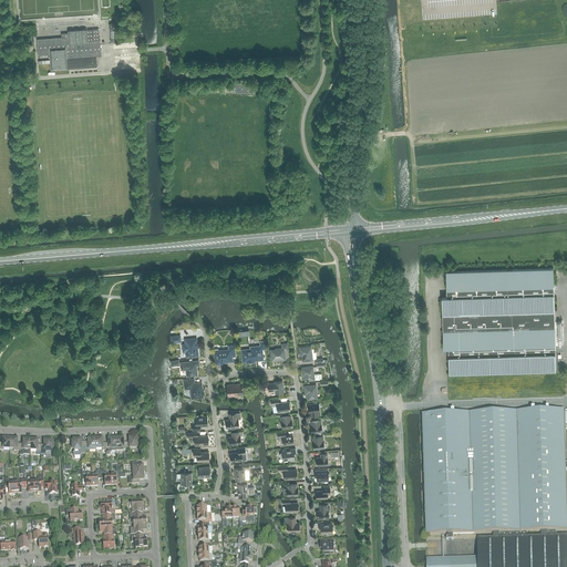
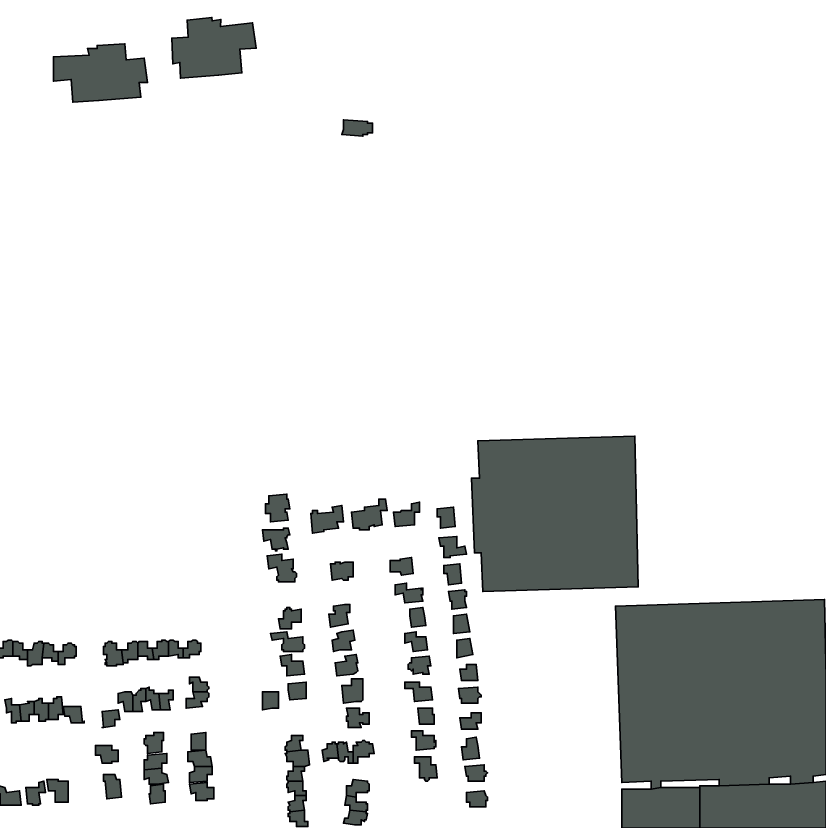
building: none -> [172,18,256,78]
building: [441,268,555,374] -> [471,436,638,592]

